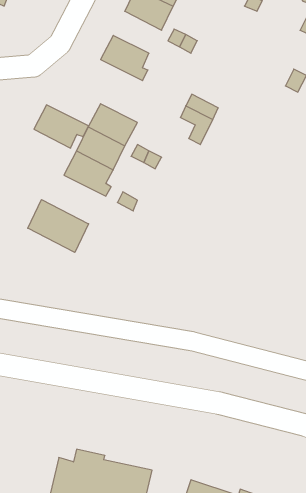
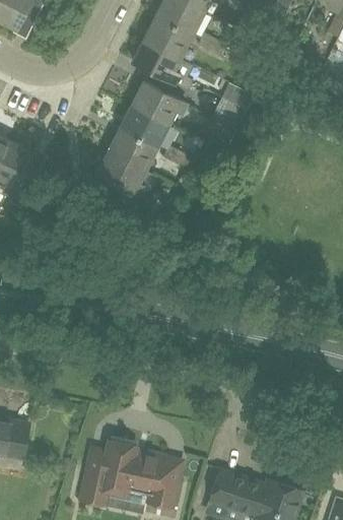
building: none -> [145,16,192,57]
building: [34,105,88,148] -> [133,82,186,124]
building: [28,200,89,252] -> none

